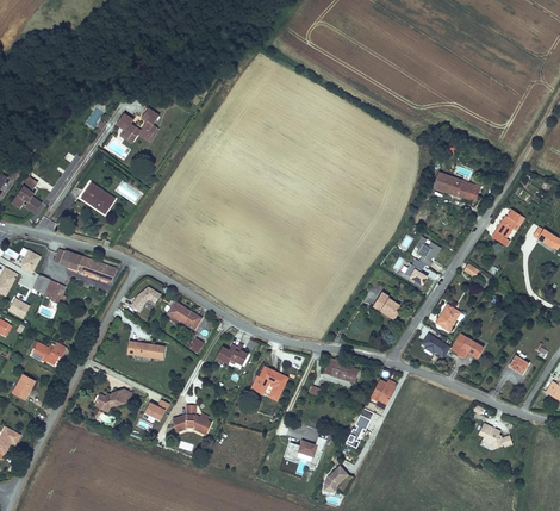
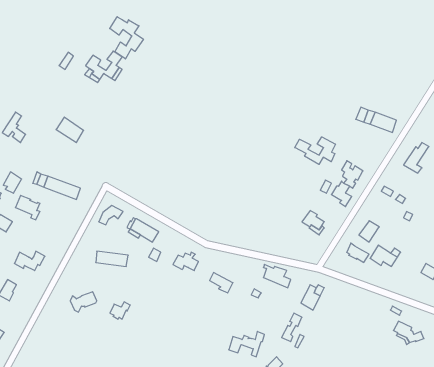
building: none -> [110,17,143,59]
building: none -> [295,137,335,164]
building: [172,405,211,432] -> none

